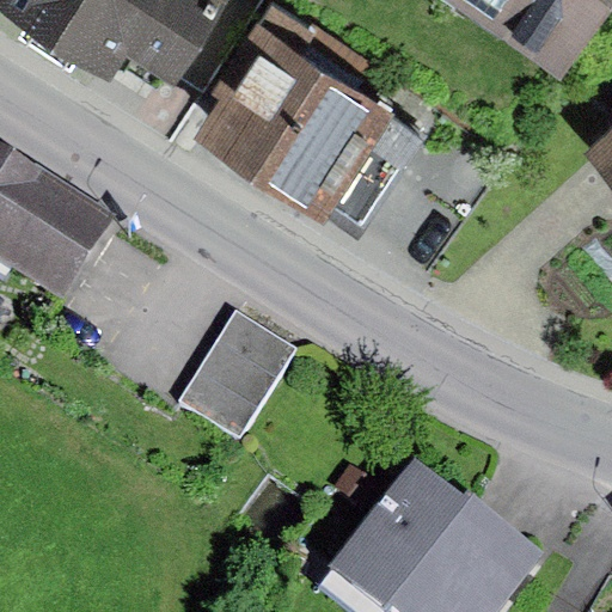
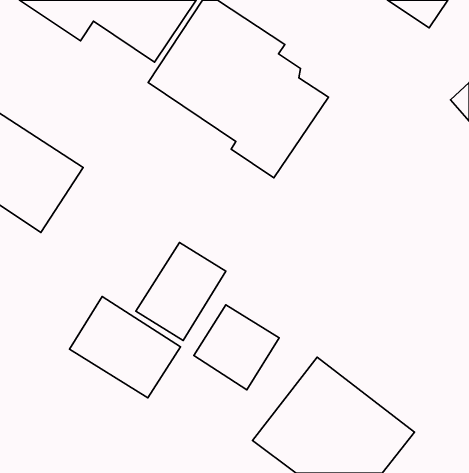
building: none -> [69,297,180,398]
building: none -> [194,305,279,390]

